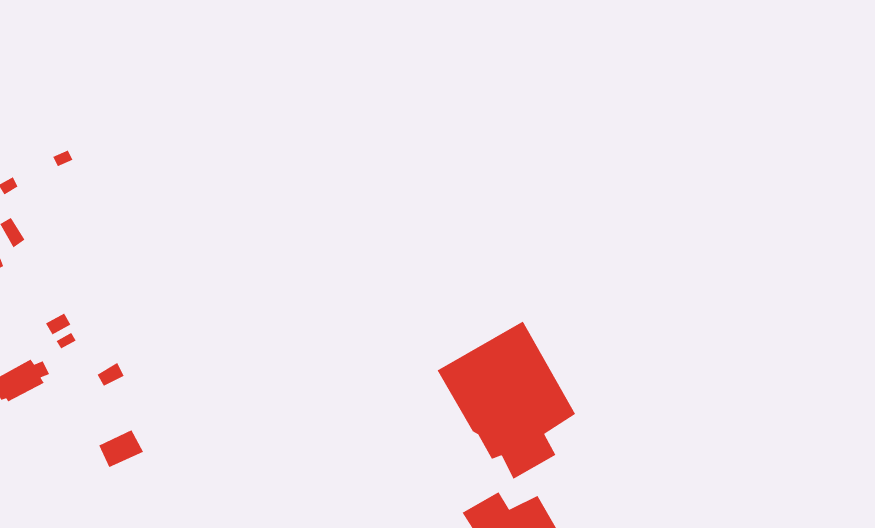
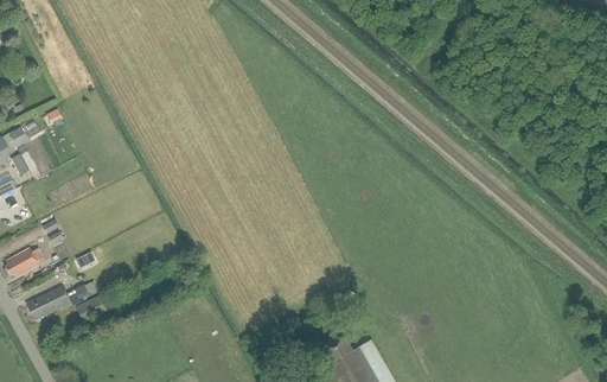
building: [437,321,576,480] -> none
building: none -> [25,281,96,319]

